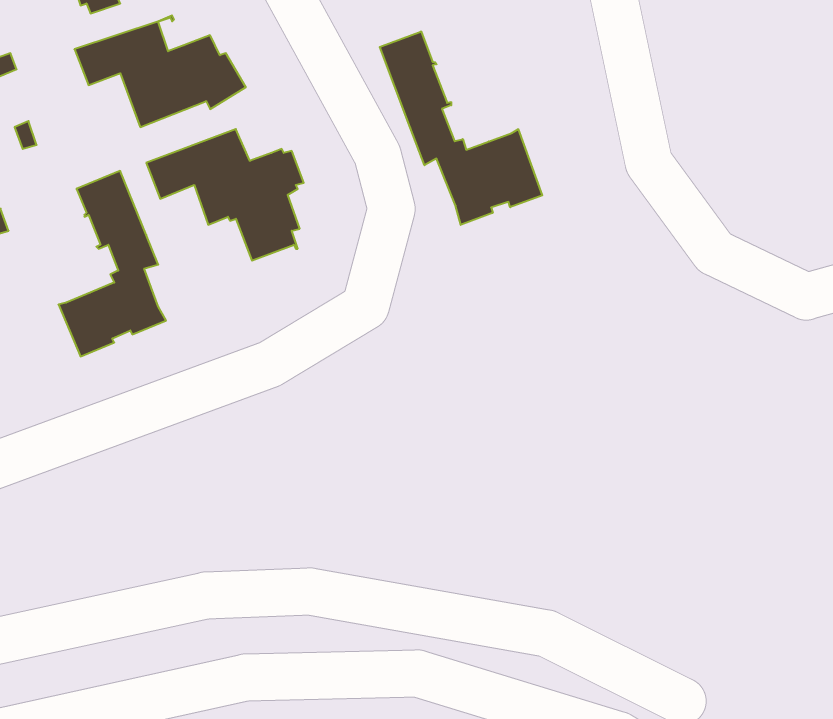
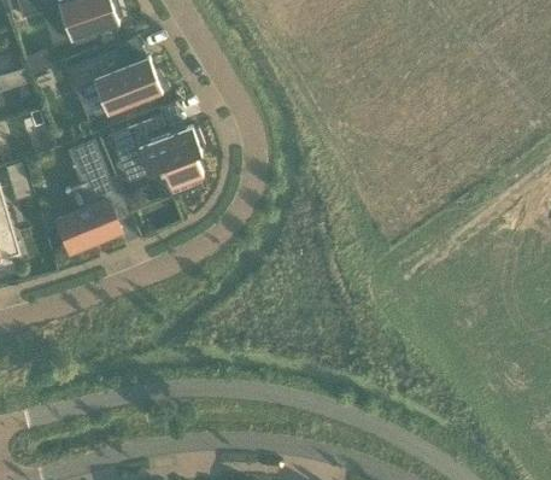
building: [380,31,542,225] -> none

